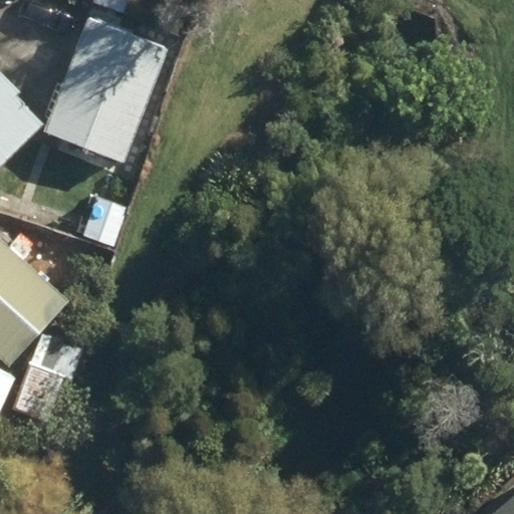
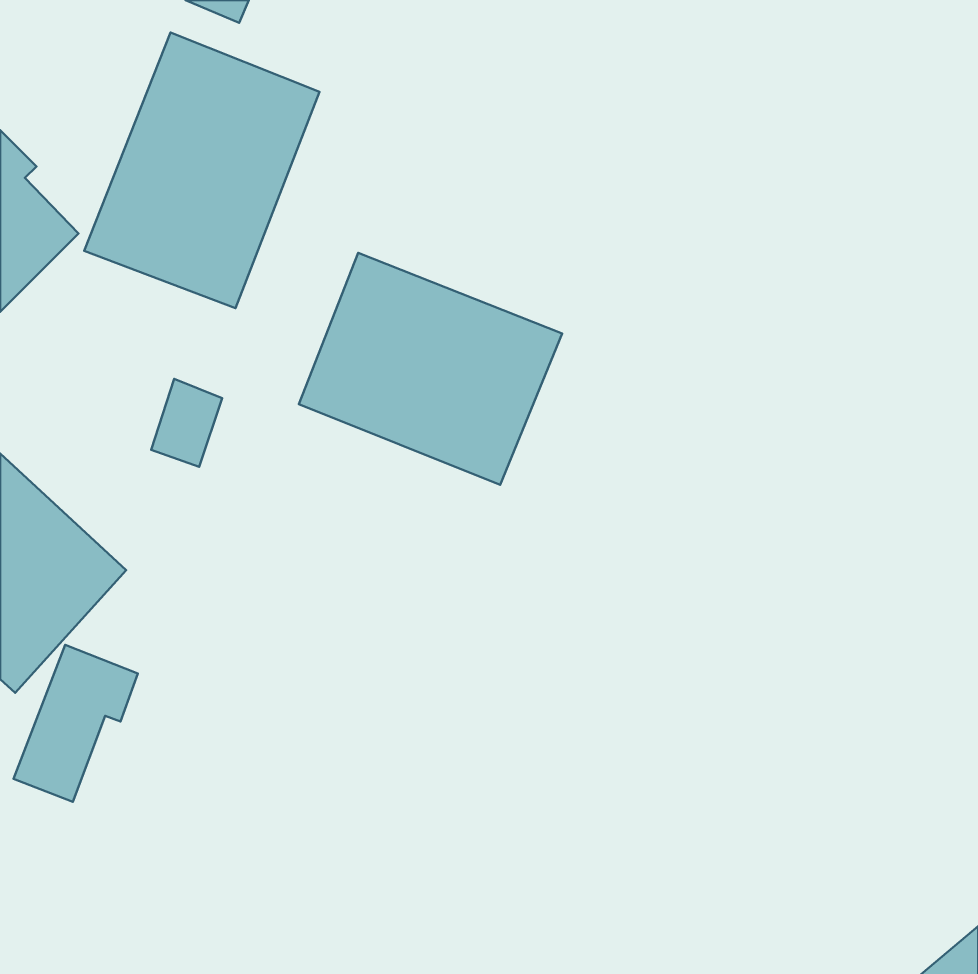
building: none -> [299,253,562,485]

